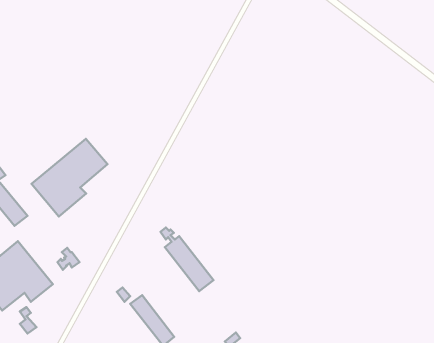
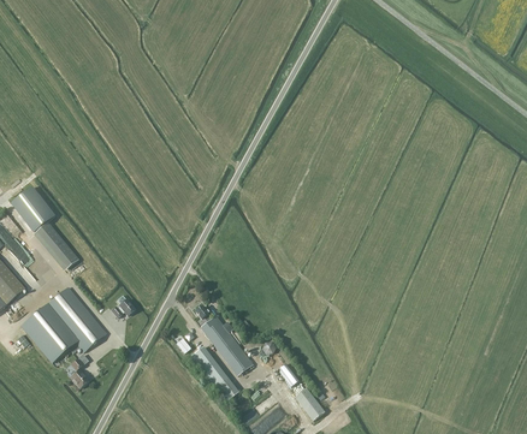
building: [32,139,107,217] -> none
building: [160,227,213,291] -> [196,305,254,375]

